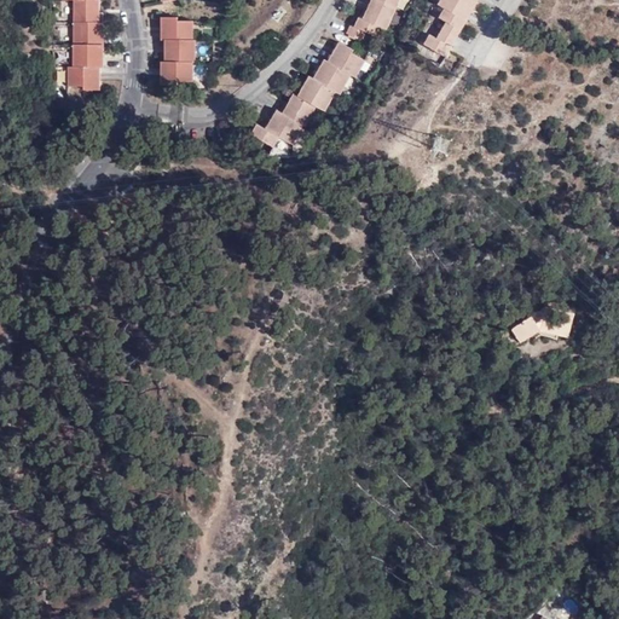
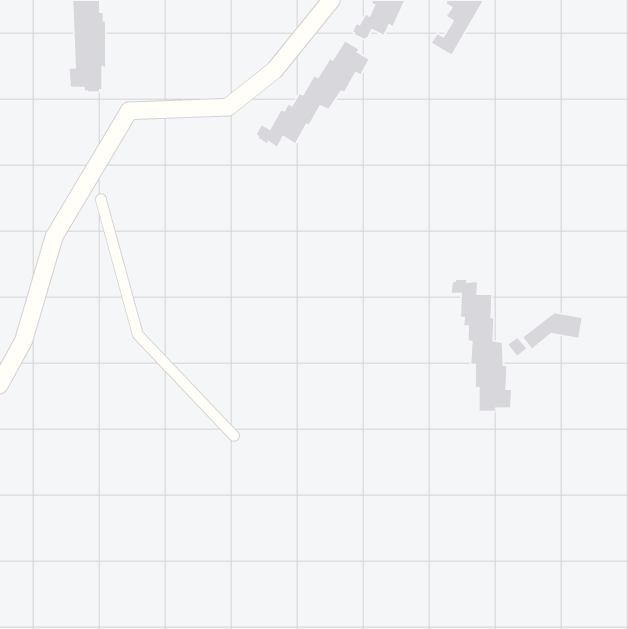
building: [160,17,195,83] -> none
building: none -> [451,279,512,412]

